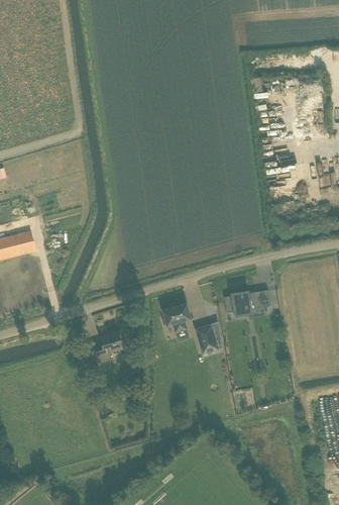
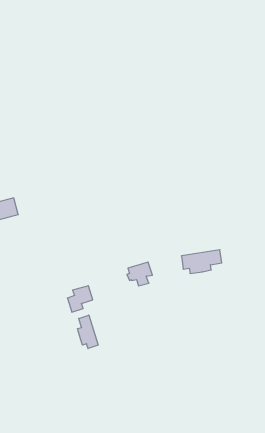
building: [196,324,217,354] -> none
building: none -> [78,315,98,349]

